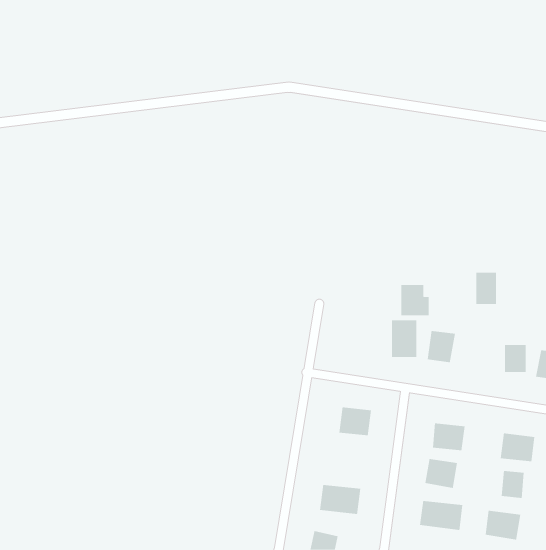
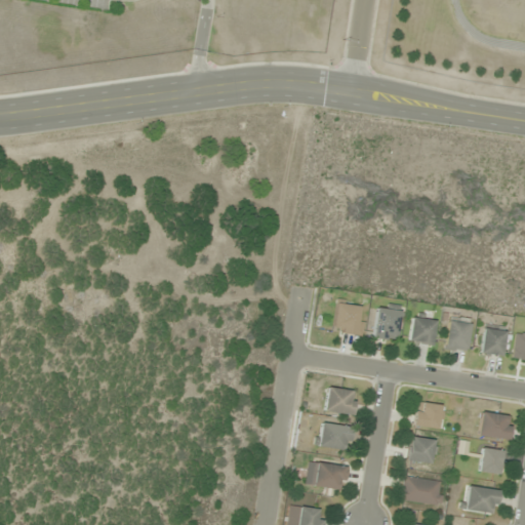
building: [475,272,497,305] -> [449,320,470,351]
building: [400,285,430,316] -> [336,305,364,334]
building: none -> [319,423,354,451]

